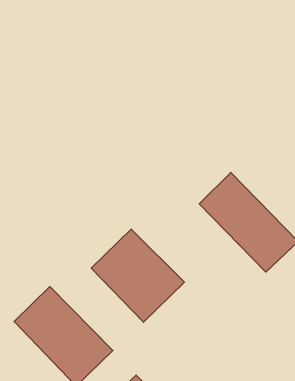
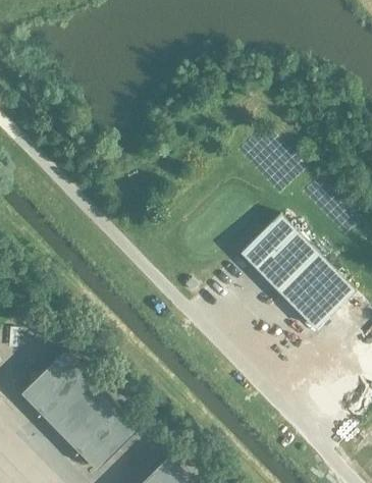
building: [91,229,184,322] -> none

